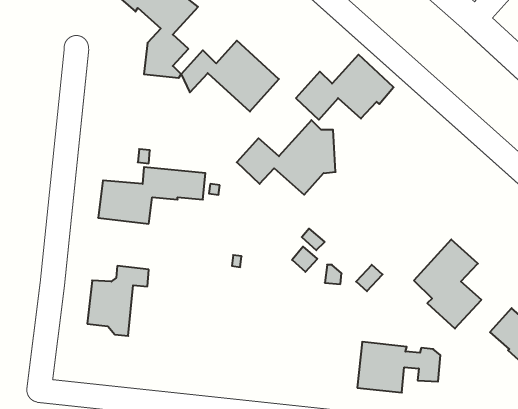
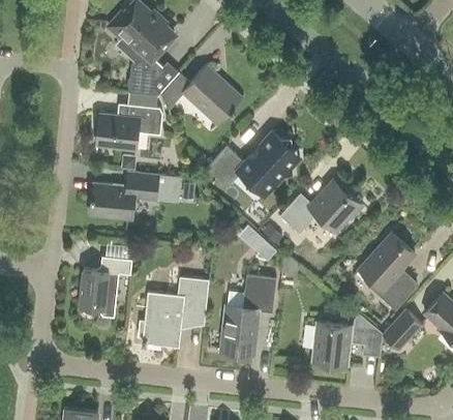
building: [296,55,394,120] -> [279,178,363,234]
building: none -> [95,104,162,149]
building: none -> [221,274,276,355]
building: none -> [138,276,208,347]
building: none -> [383,309,421,349]

